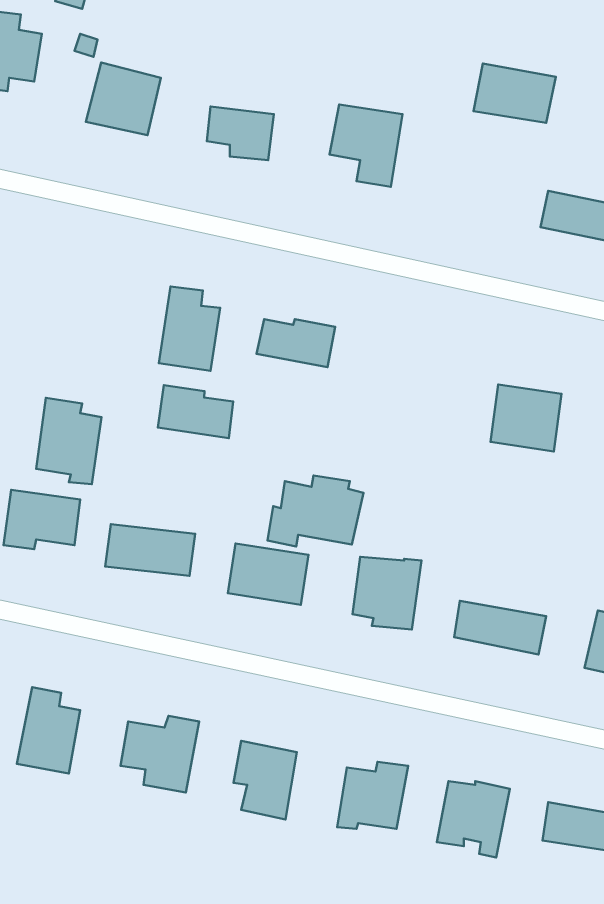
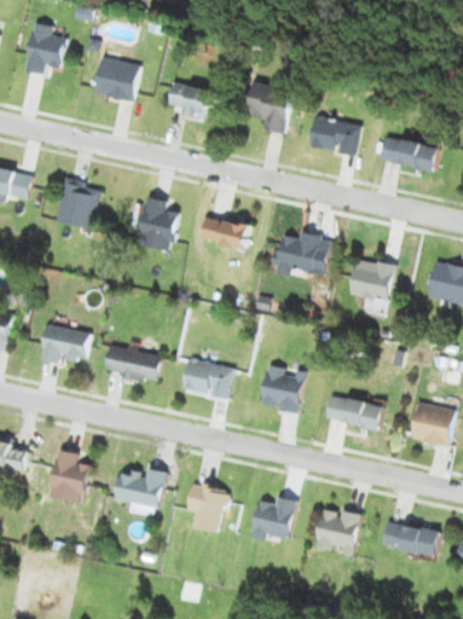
building: [473,63,556,123] -> [309,117,361,155]
building: [158,385,233,438] -> none
building: [36,398,101,484] -> [58,178,99,232]
building: [268,475,363,546] -> [271,231,331,276]

